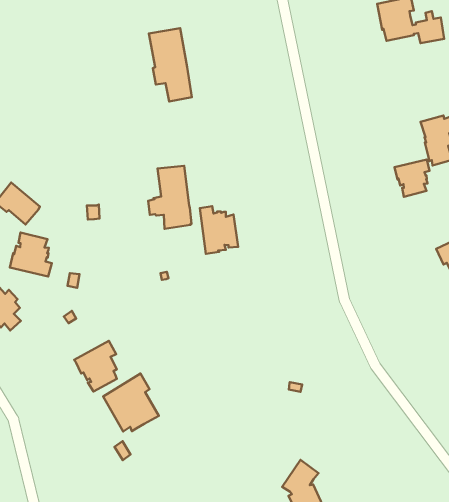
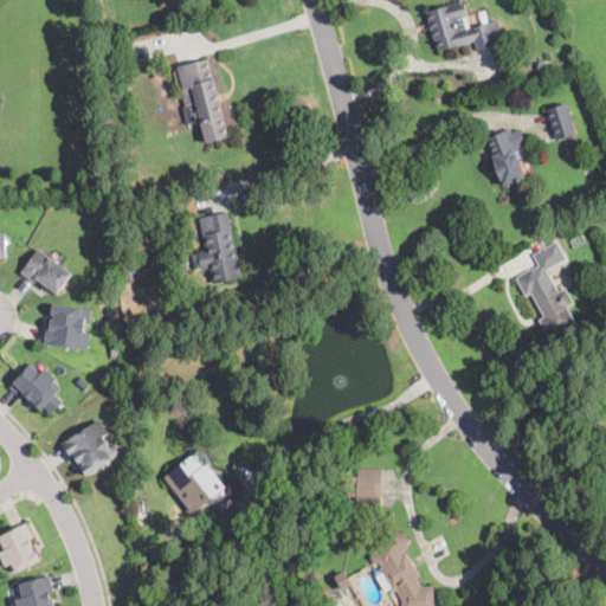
building: [395,159,430,197] -> none
building: [200,206,238,254] -> none
building: [74,341,117,392] -> [62,418,111,476]
building: none -> [346,468,380,507]

